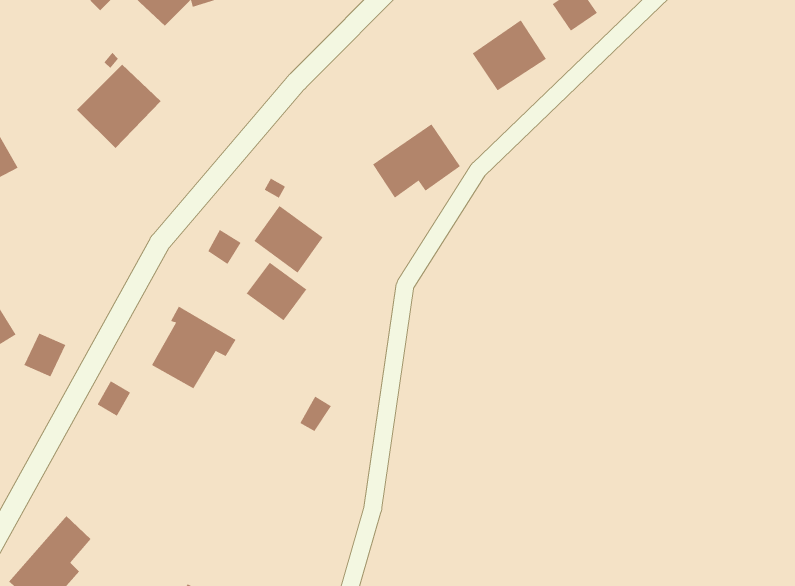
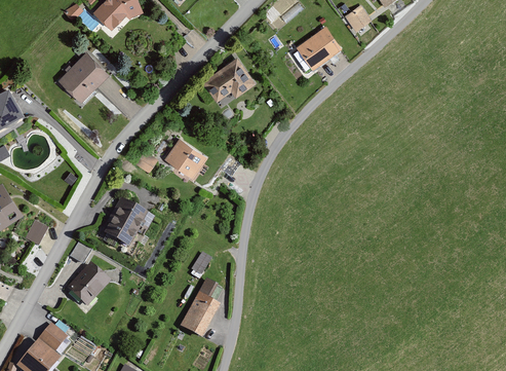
building: [372,124,461,198] -> [202,57,256,102]
building: [246,262,307,321] -> none
building: none -> [66,264,110,308]
building: none -> [179,280,220,339]

